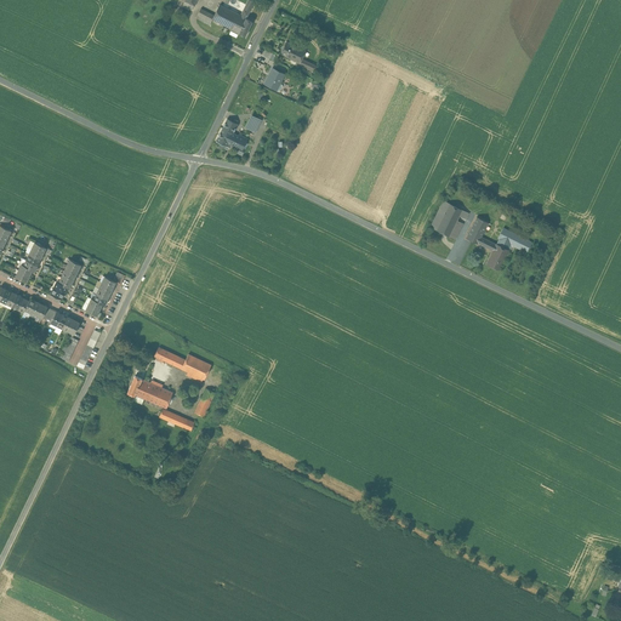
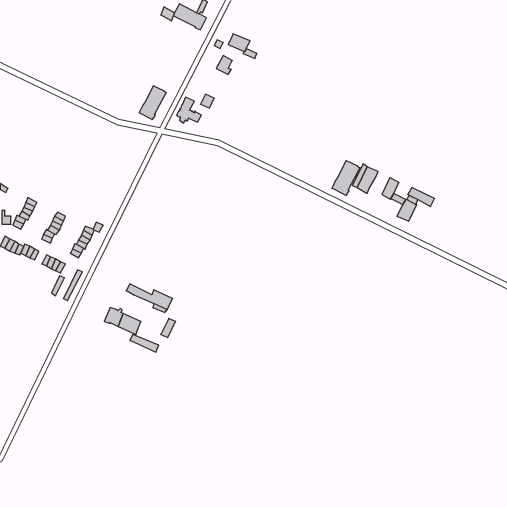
building: none -> [139,86,166,120]
building: none -> [332,161,360,195]

